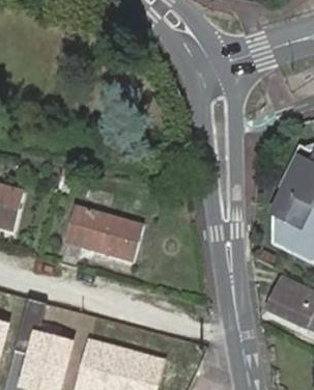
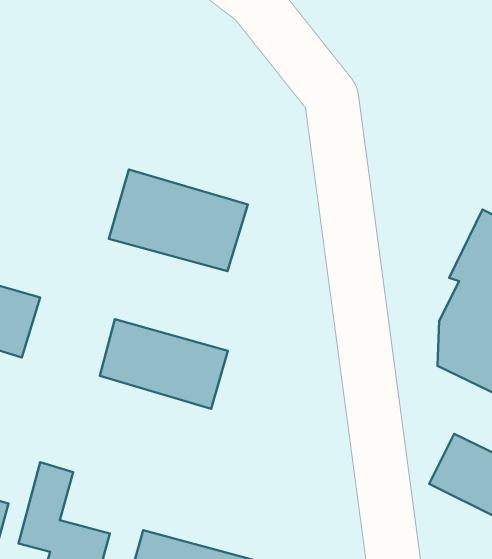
building: none -> [109,170,248,271]

